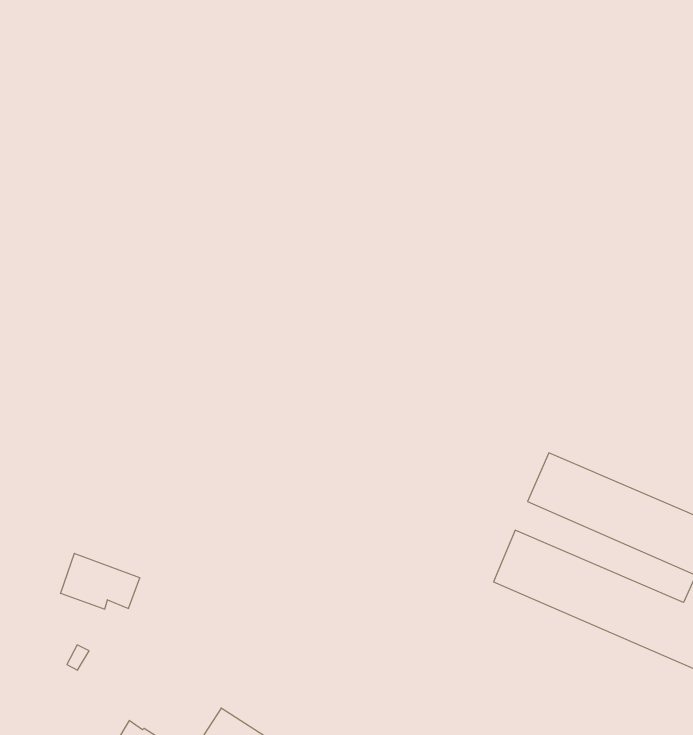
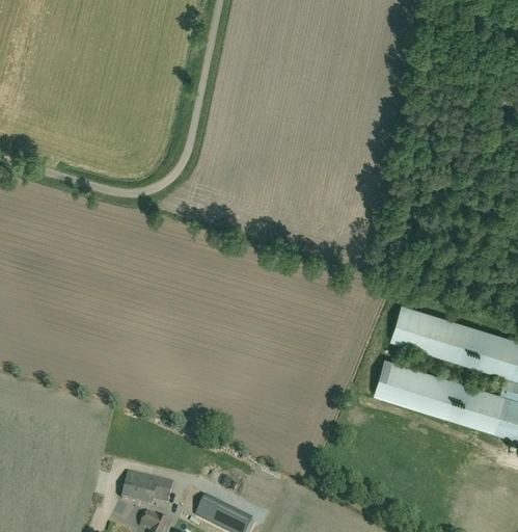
building: [60,553,140,609] -> [122,473,173,507]

